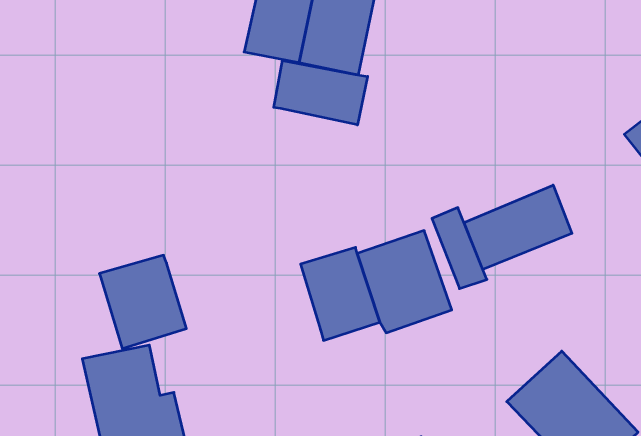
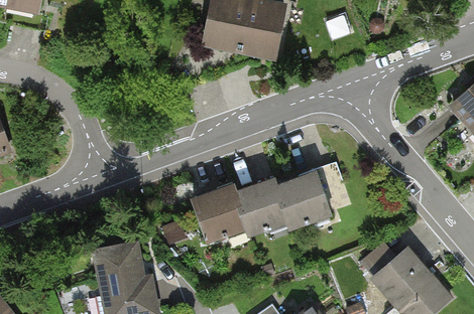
building: [274,60,368,125] -> none
building: [464,185,572,269] -> none
building: [99,255,186,348] -> [190,184,247,246]

